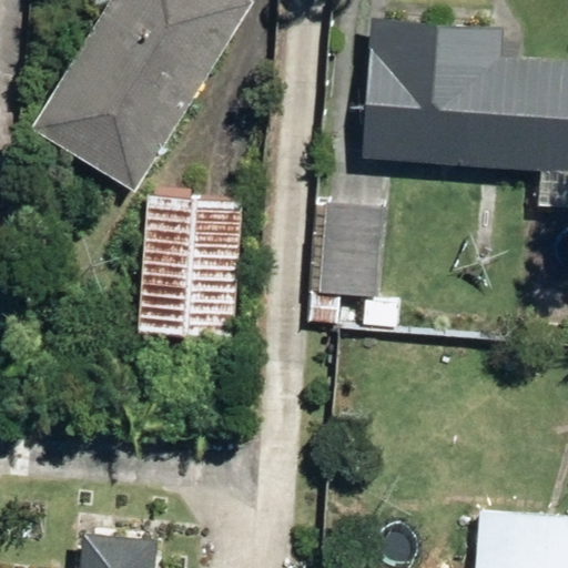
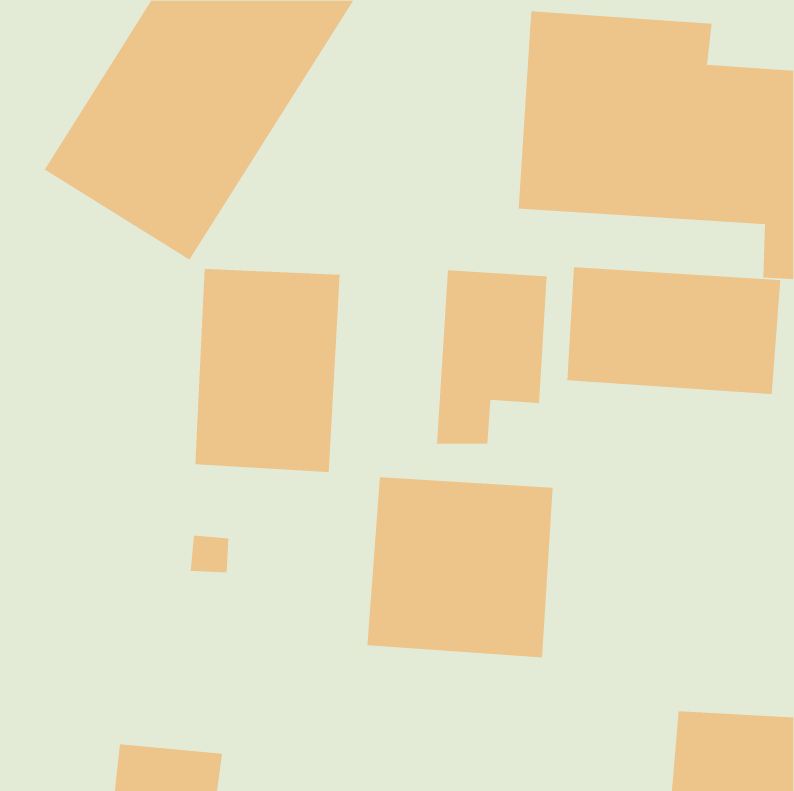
building: none -> [567,267,781,395]
building: none -> [367,476,553,658]

